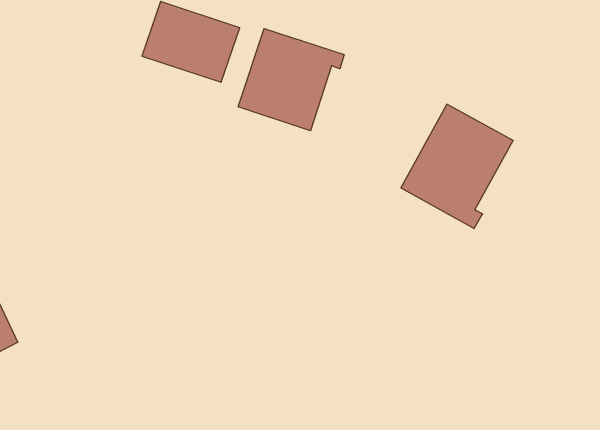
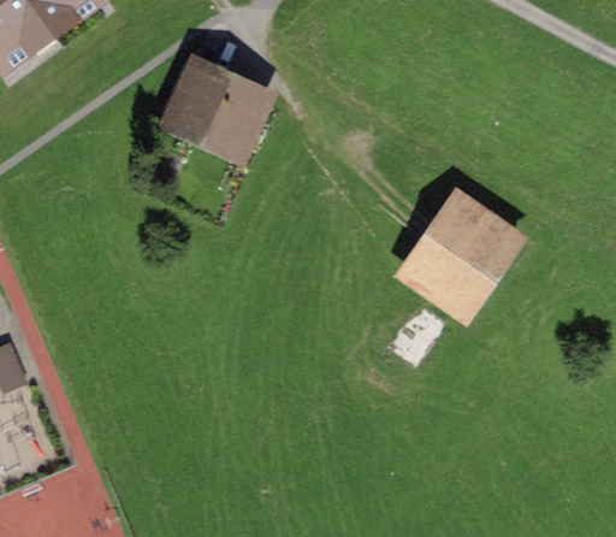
building: [238,29,344,131] -> none

